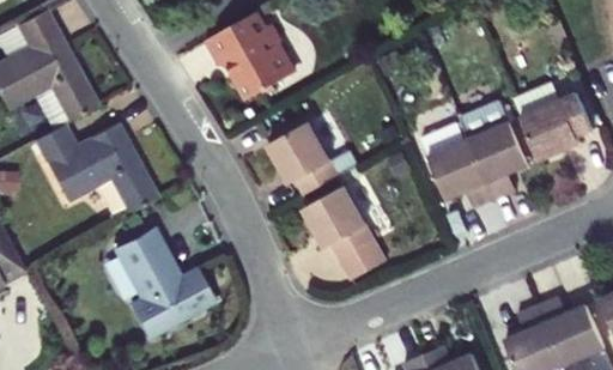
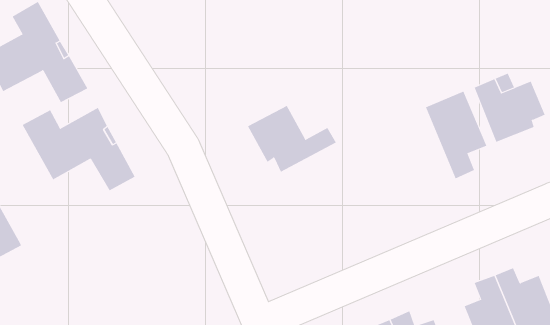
building: [208,17,297,104] -> none
building: [424,122,496,208] -> none
building: [306,184,388,278] -> none
building: [111,225,213,335] -> none

